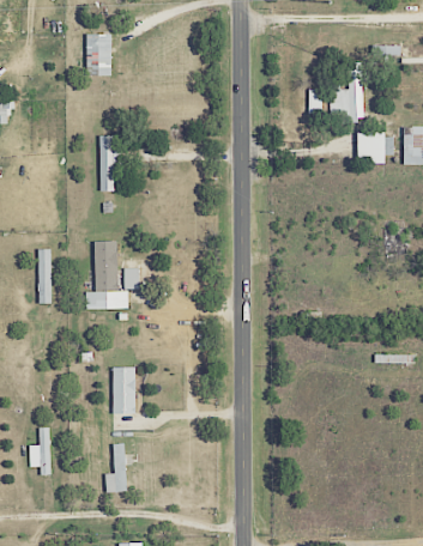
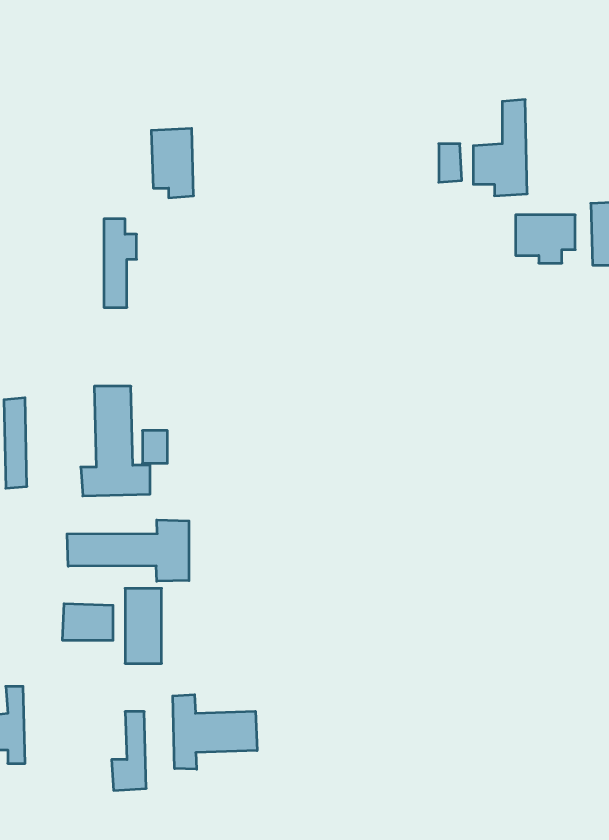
building: [85,34,111,77] -> [151,128,194,198]
building: none -> [67,520,189,581]
building: none -> [63,604,113,640]
building: none -> [173,695,257,769]

